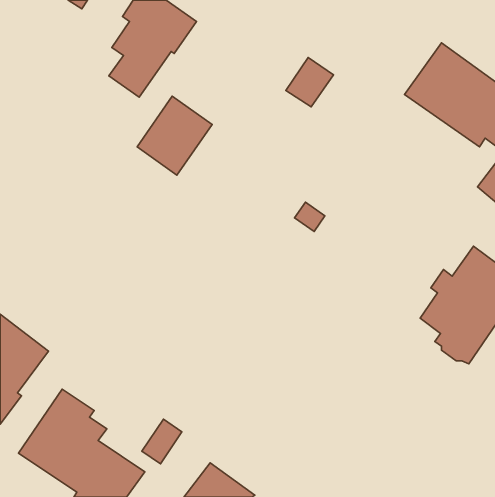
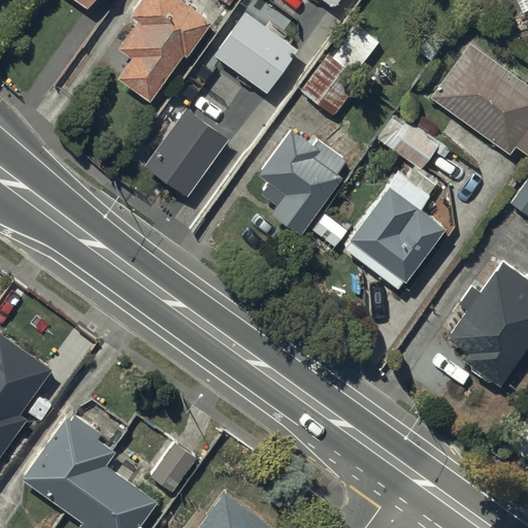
building: none -> [216,8,299,88]
building: none -> [377,113,438,170]
building: none -> [259,132,348,234]
building: none -> [345,190,444,290]

